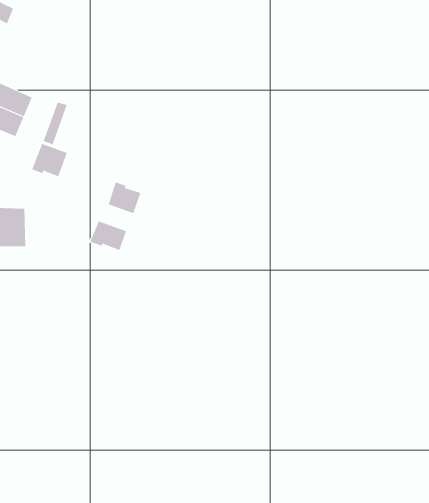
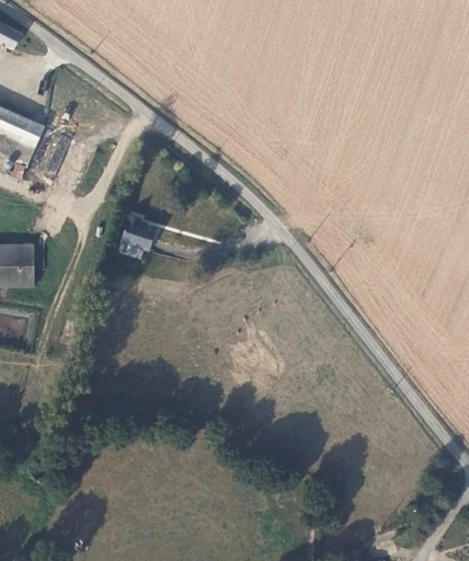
building: [31,143,67,177] -> none
building: [90,220,127,251] -> none

